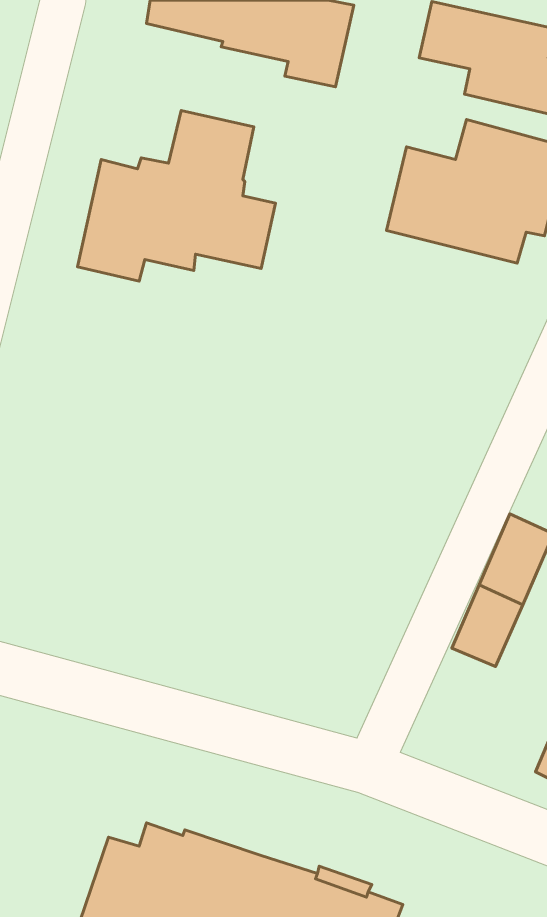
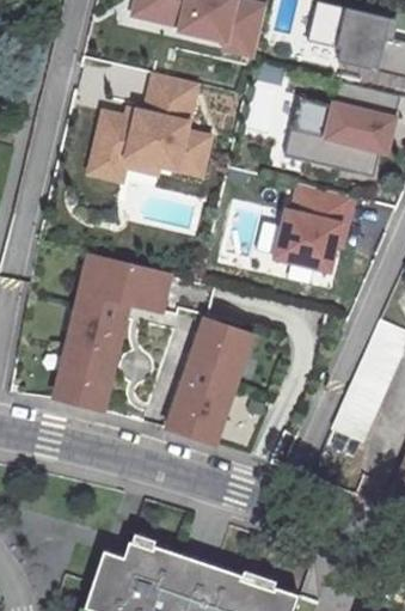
building: none -> [272,182,357,274]
building: none -> [50,251,176,414]
building: none -> [165,316,258,446]

